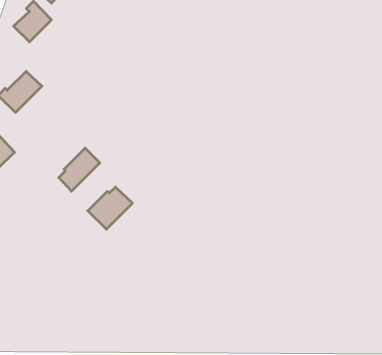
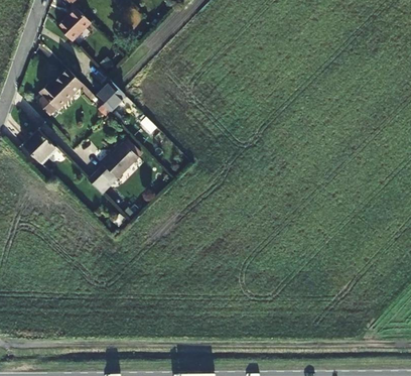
building: none -> [95,85,124,114]
building: [88,187,132,229] -> none

